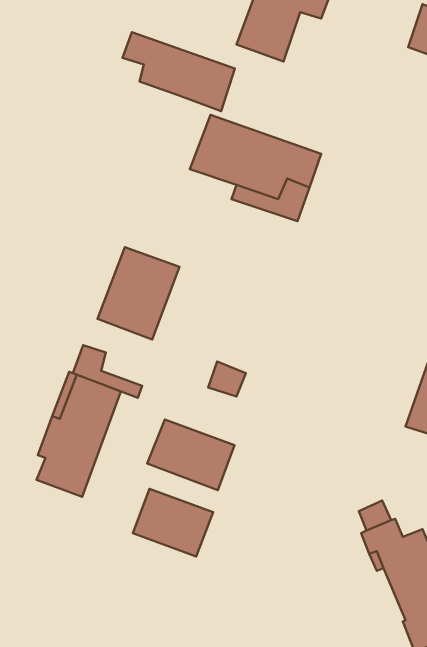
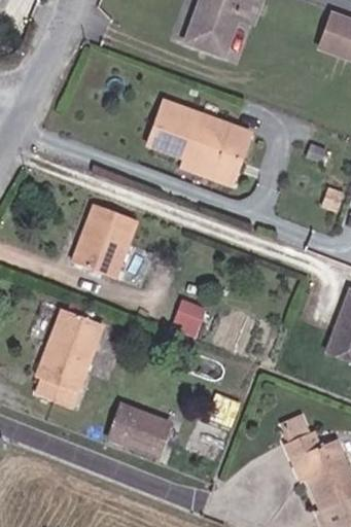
building: [123,32,235,111] -> none
building: [73,345,142,398] -> none
building: [147,419,235,490] -> none

